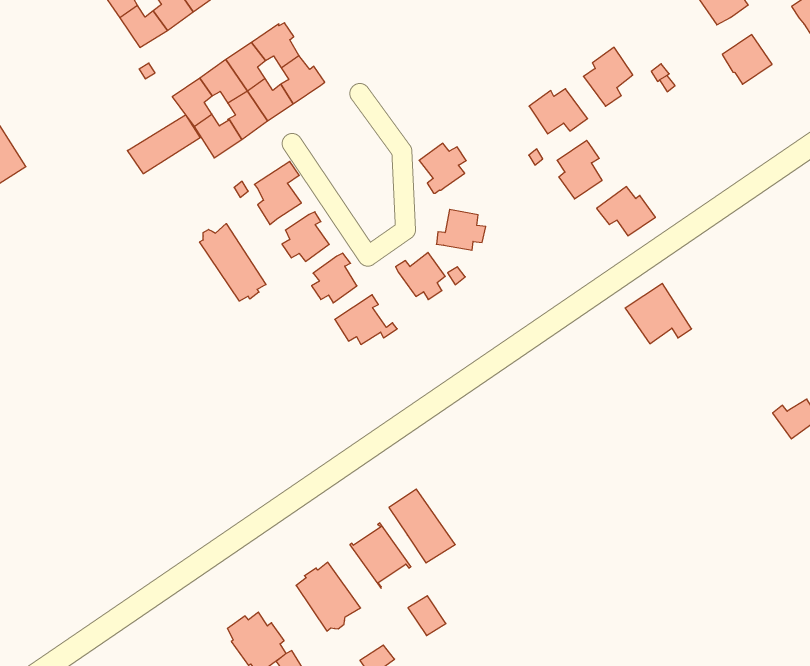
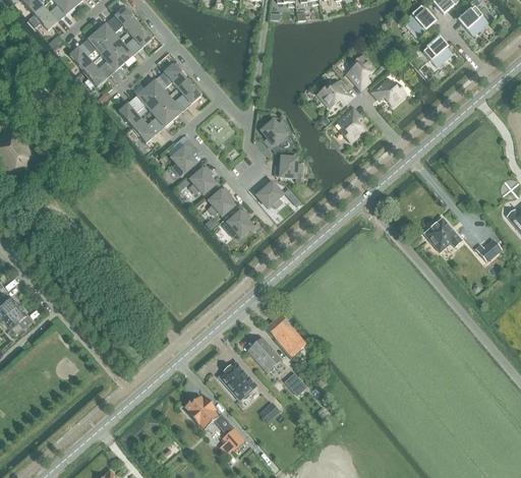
building: [127,115,200,174] -> none
building: [597,187,655,236] -> [372,77,406,105]
building: [200,224,266,301] -> none
building: [625,283,692,344] -> [423,217,462,251]

